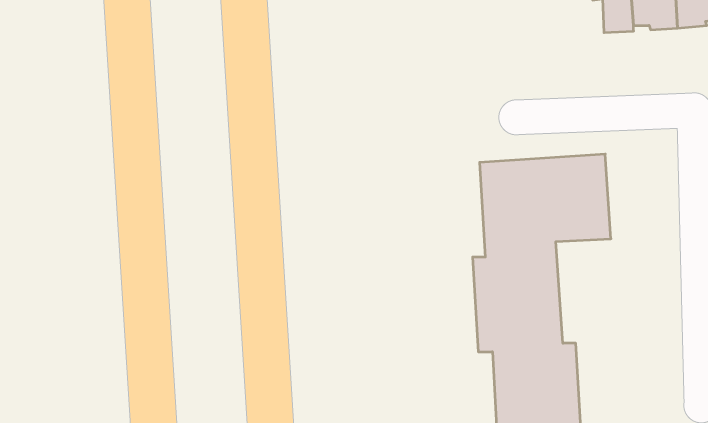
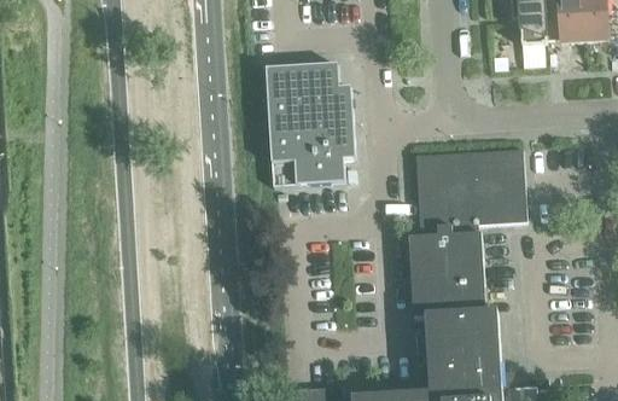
building: none -> [266,62,356,185]

